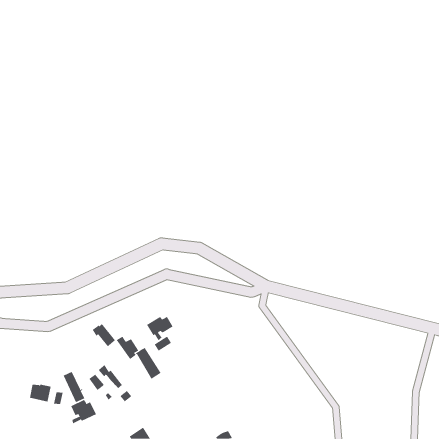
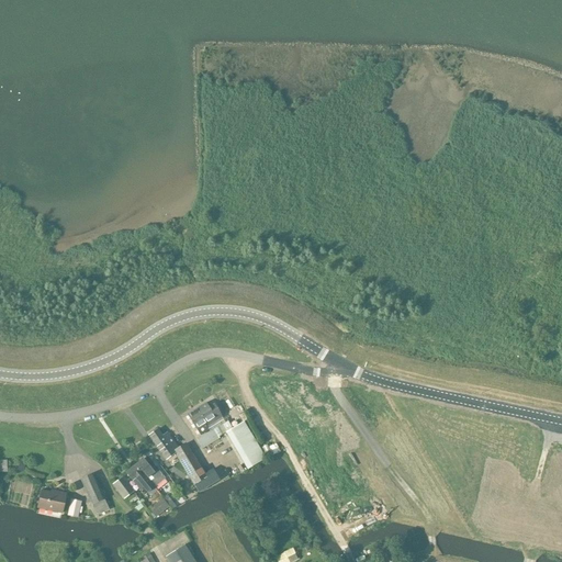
building: [92,323,116,347] -> [134,457,165,487]
building: none -> [225,422,266,470]
building: [70,399,97,424] -> none

